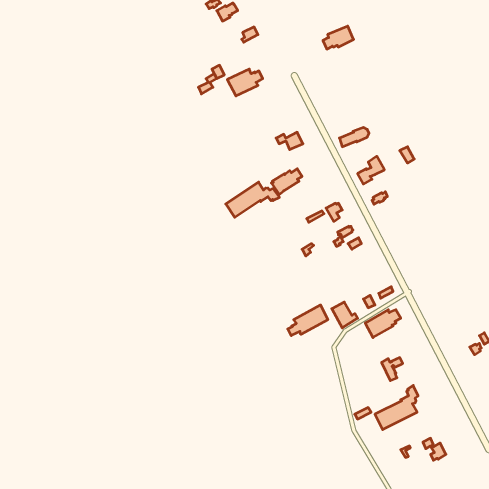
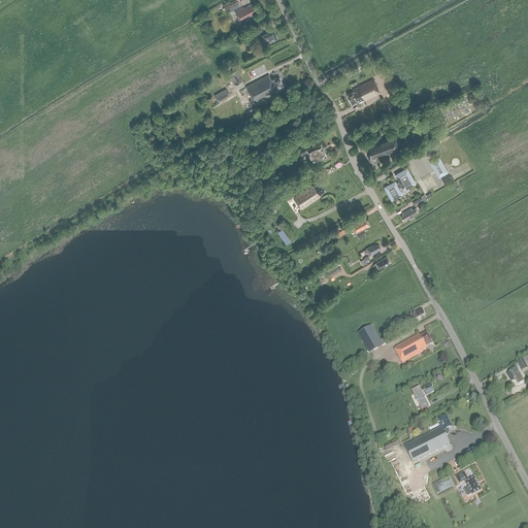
building: [323,26,354,49] -> [346,78,380,103]
building: [226,182,279,217] -> none
building: [288,305,328,336] -> none

